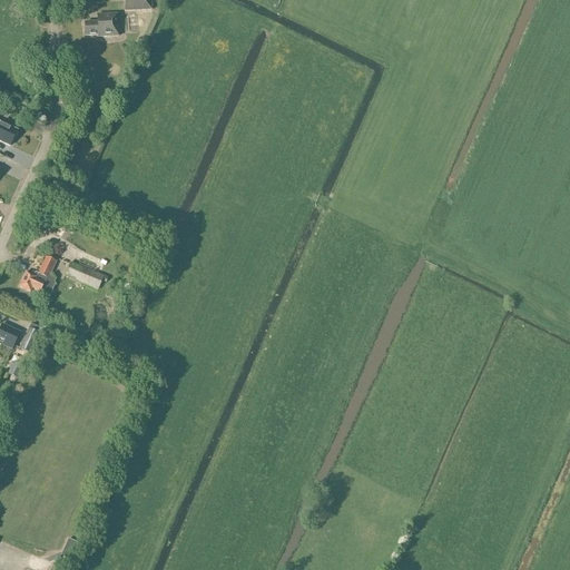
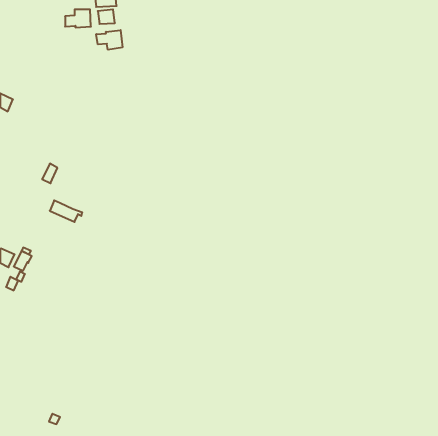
building: none -> [96,30,122,50]
building: [19,255,56,291] -> none

